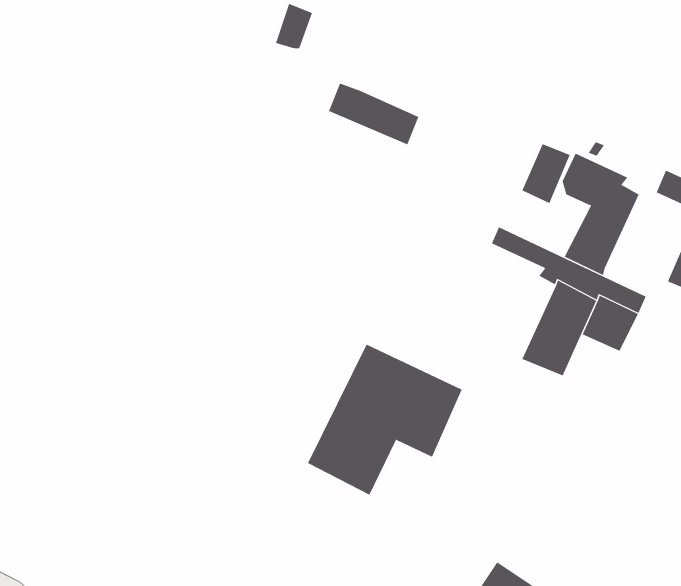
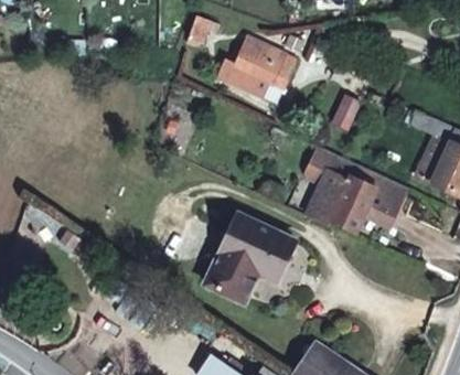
building: none -> [238,42,297,105]
building: [562,153,640,276] -> [307,157,352,228]

